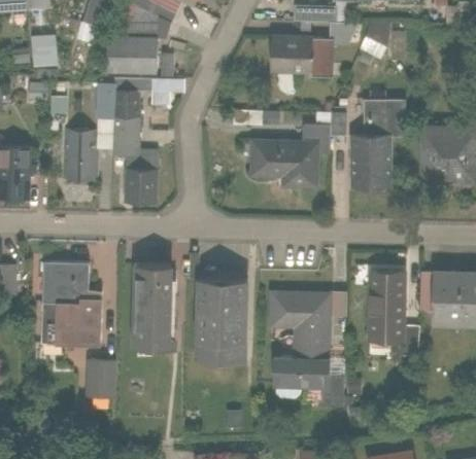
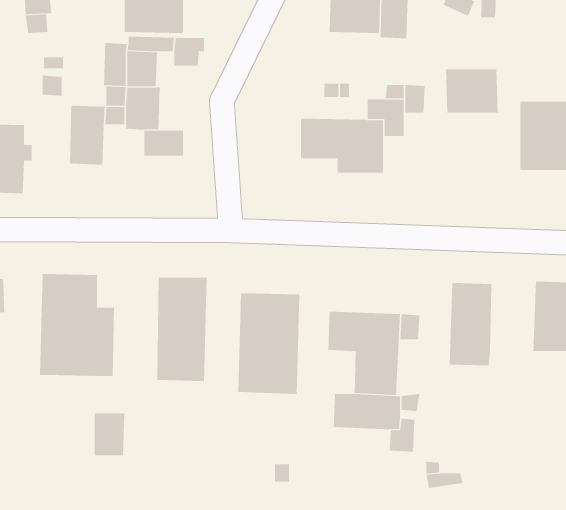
building: [350,135,389,188] -> none
building: [125,169,157,201] -> none
building: [398,323,418,352] -> none

